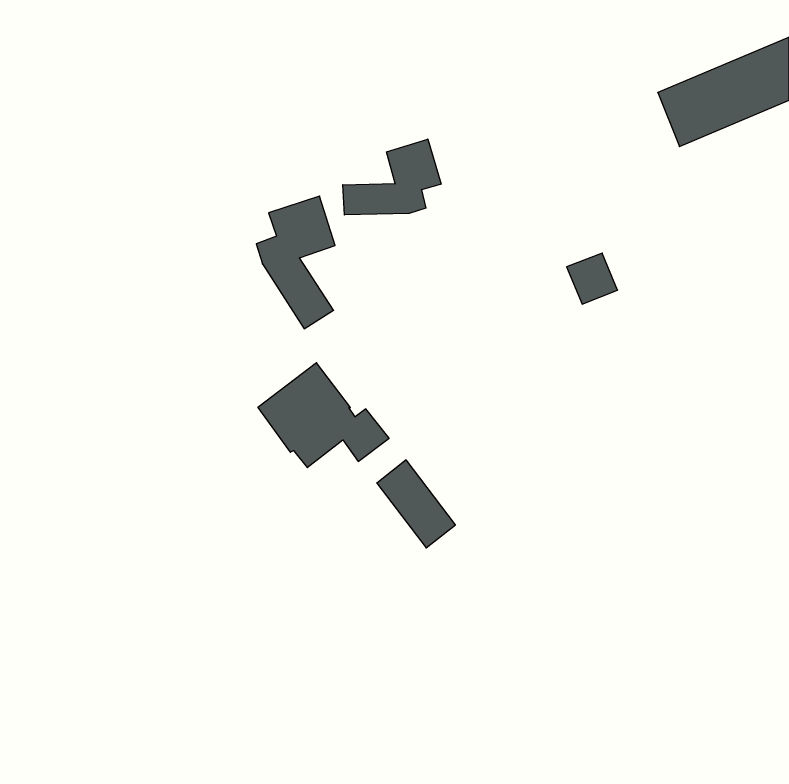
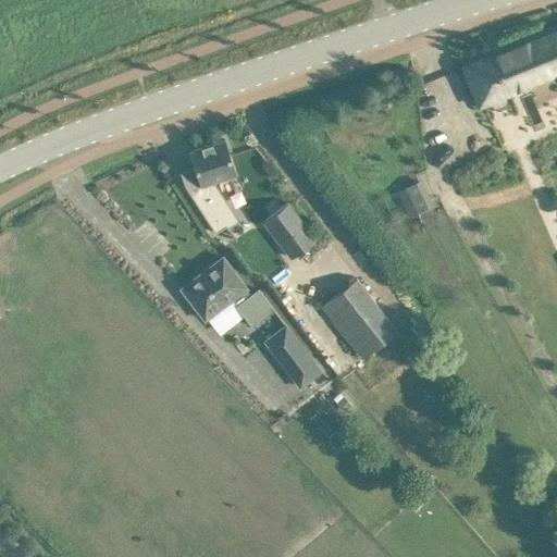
building: [343,139,441,215] -> none
building: none -> [264,205,317,260]
building: none -> [322,281,398,361]

